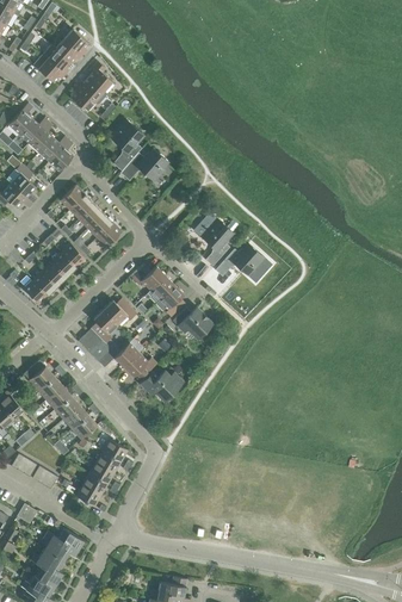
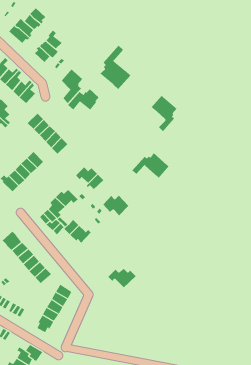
building: none -> [99,45,131,90]
building: [194,212,234,267] -> [151,95,178,132]
building: [155,285,185,317] -> none
building: [141,371,184,401] -> [108,268,137,288]

